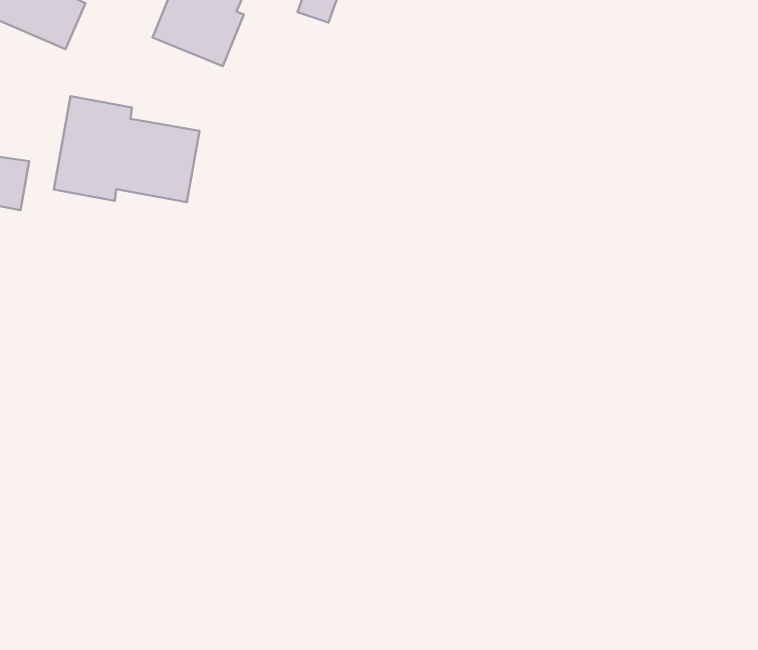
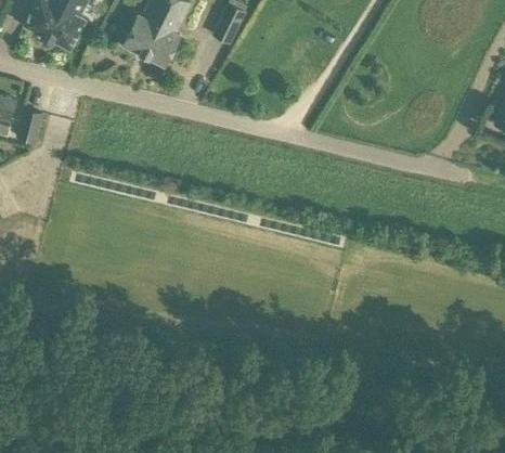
building: [54,96,199,202] -> none

